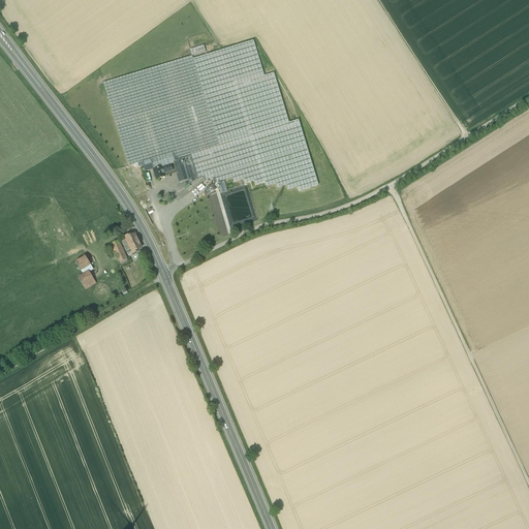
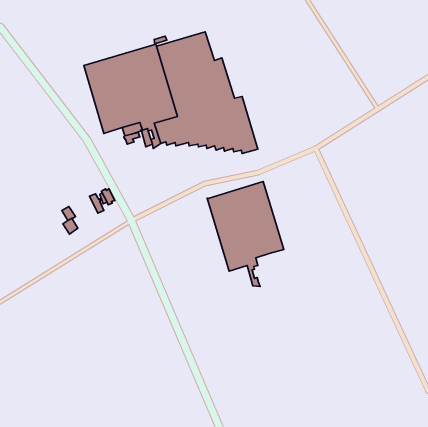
building: none -> [207,182,284,287]

